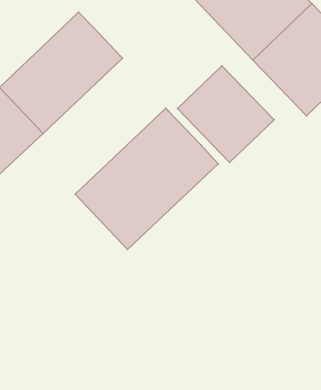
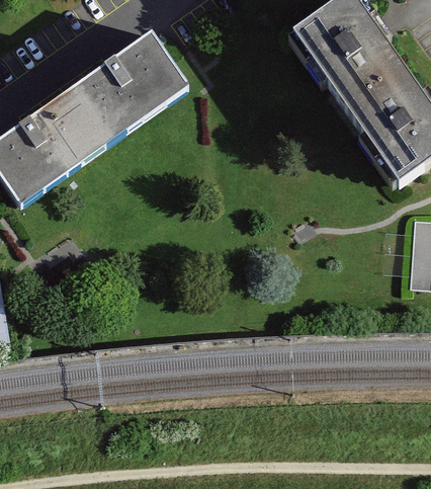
building: [177,66,274,163] -> none
building: [75,108,218,250] -> none

